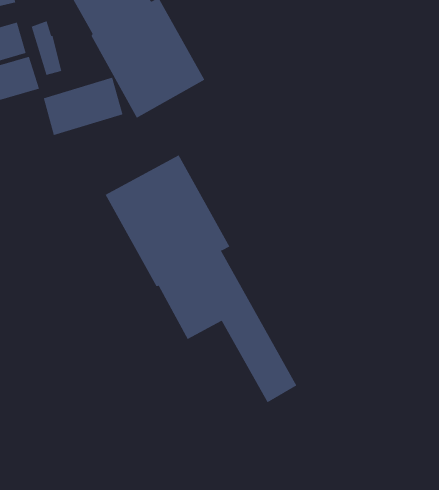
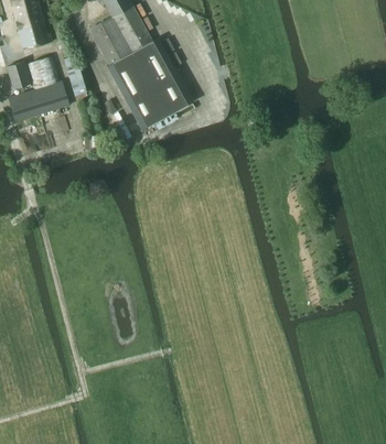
building: [43,77,123,136] -> none
building: [105,154,297,403] -> none

